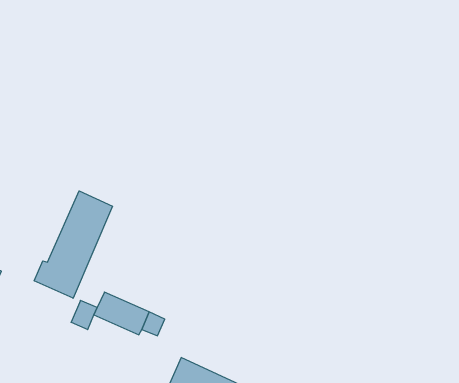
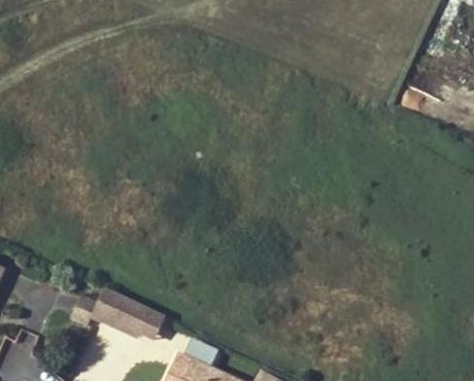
building: [34,191,113,298] -> none

